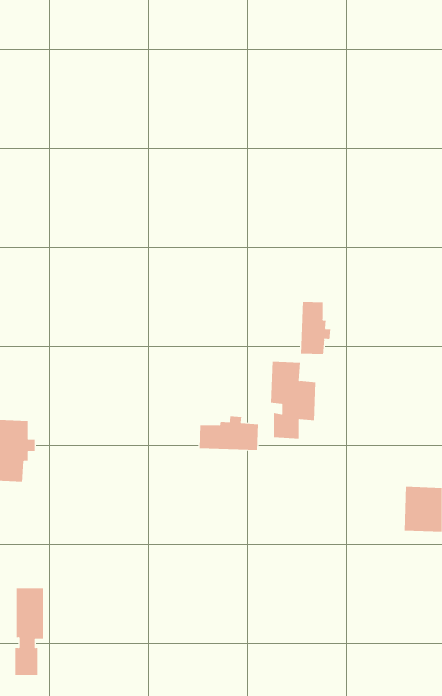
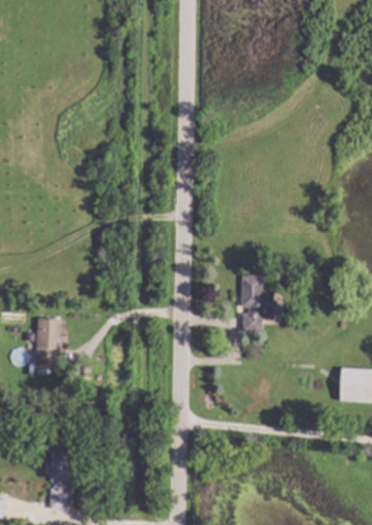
building: [301,301,331,355] -> none
building: [199,416,258,451] -> none

